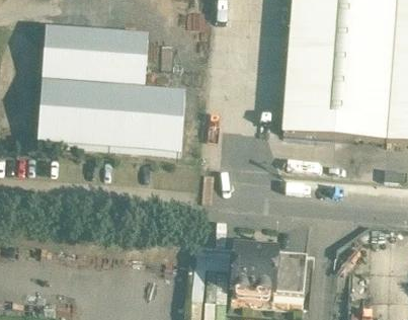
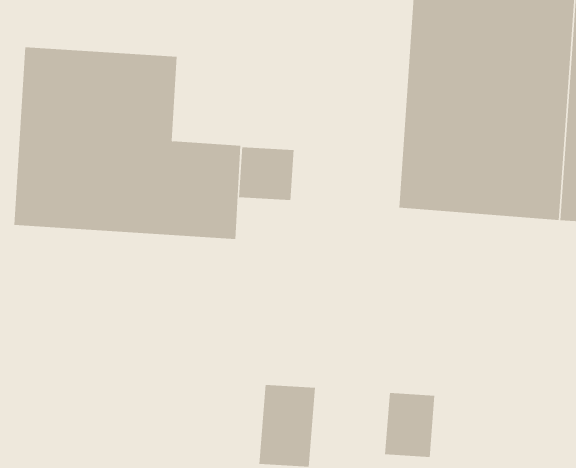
building: none -> [238,146,294,201]
building: [233,247,277,292] -> none

